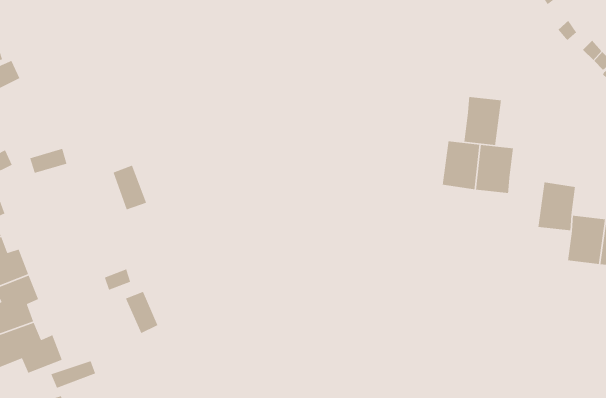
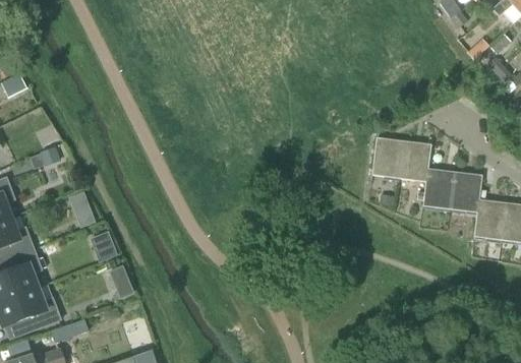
building: [463,96,502,146] -> [422,169,454,209]
building: [112,165,147,211] -> [71,187,100,225]

